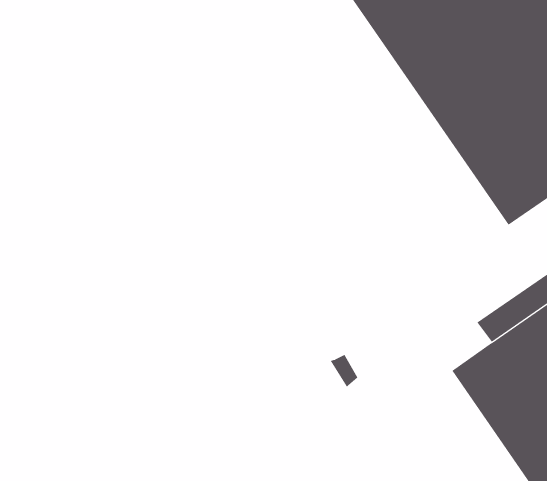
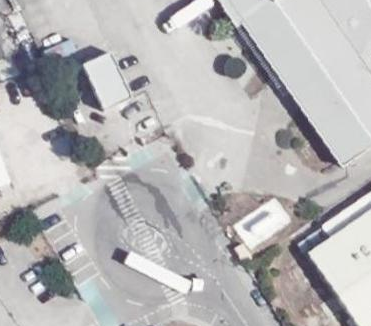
building: none -> [81,53,130,112]

